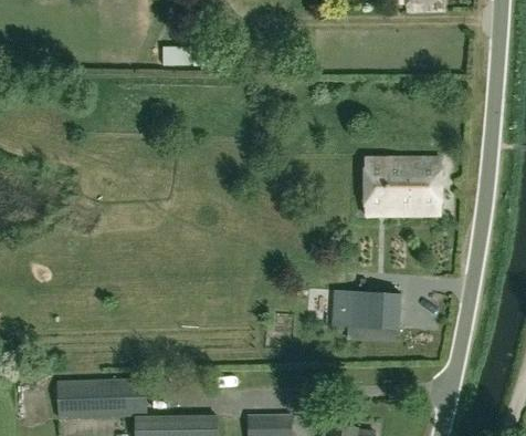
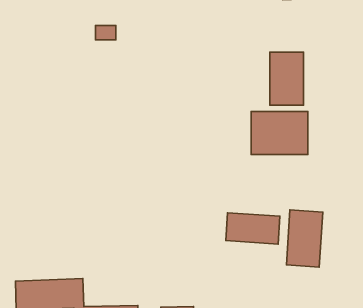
building: none -> [270,52,304,105]
building: none -> [286,210,323,267]

